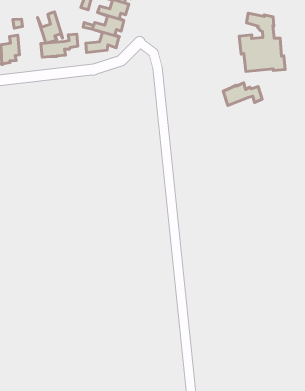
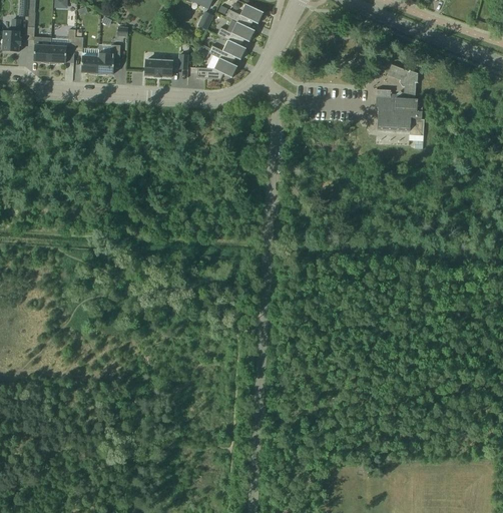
building: [38,12,63,43] -> none
building: [223,83,262,106] -> none

